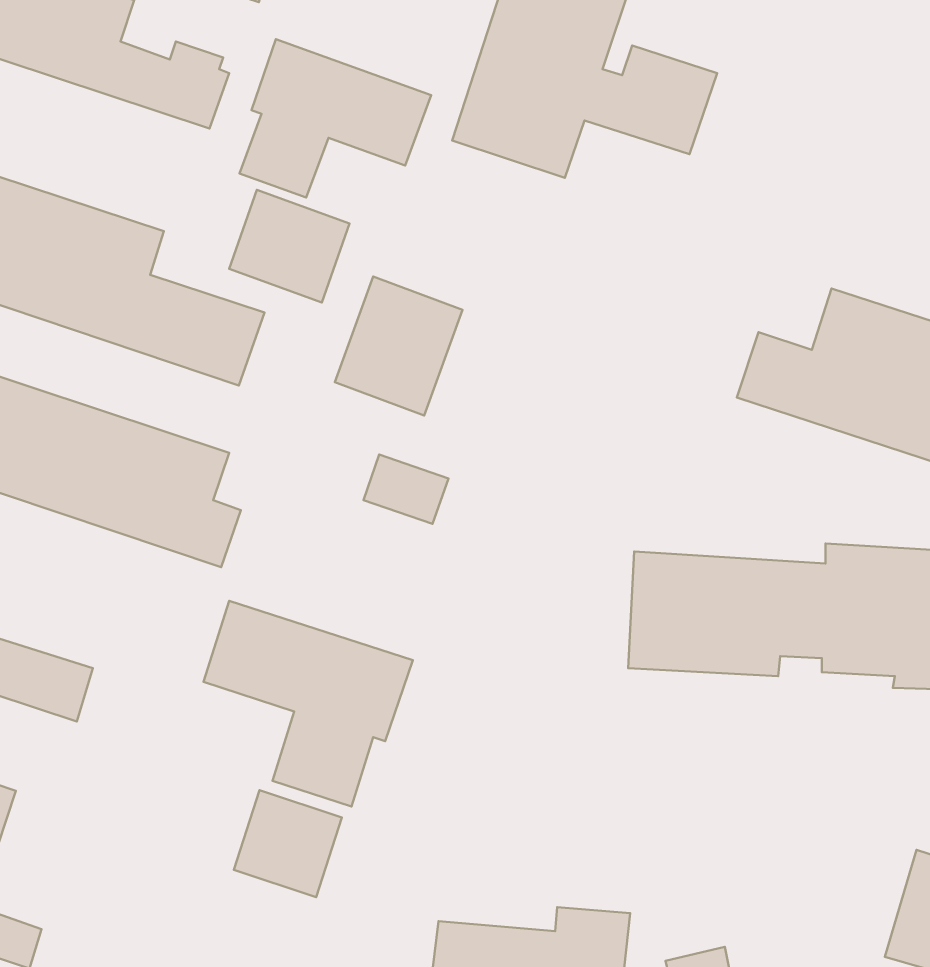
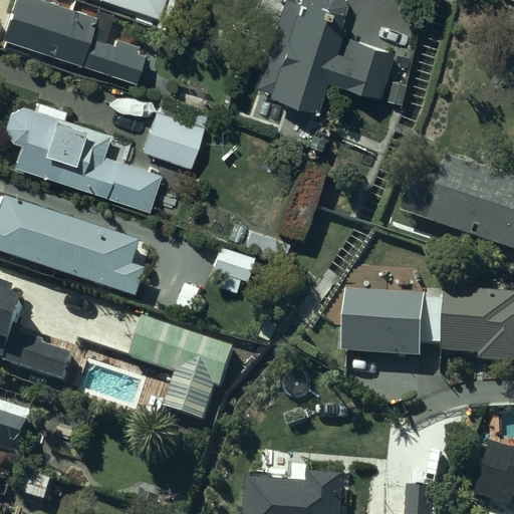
building: [239,39,431,198] -> none
building: [335,276,463,416] -> none
building: [234,790,342,897] -> none

